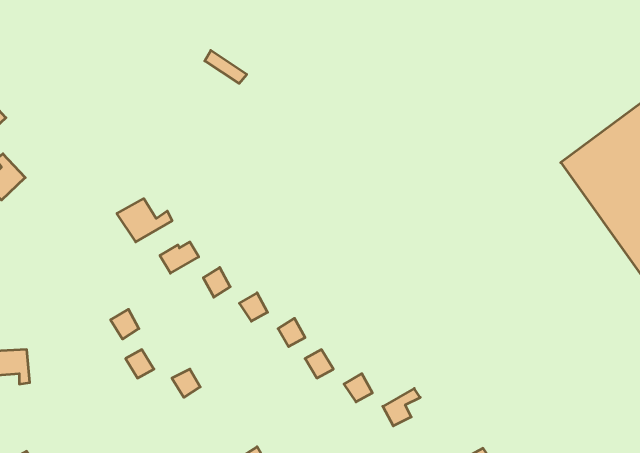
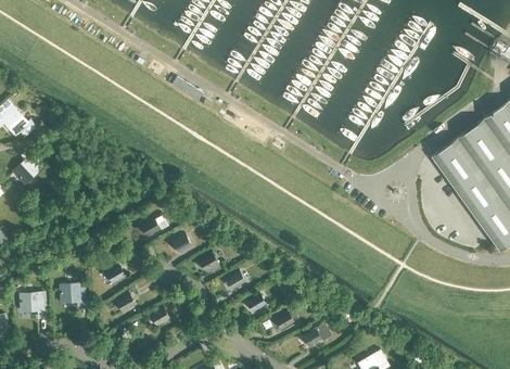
building: [117,199,172,242] -> none
building: none -> [60,283,86,308]

